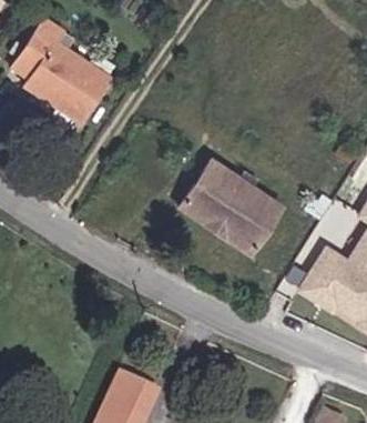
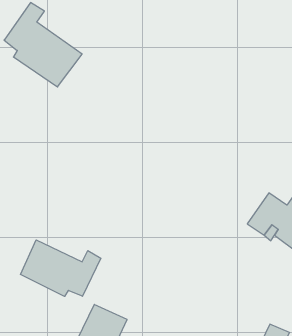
building: [185,151,284,242] -> none
building: none -> [21,240,101,296]

